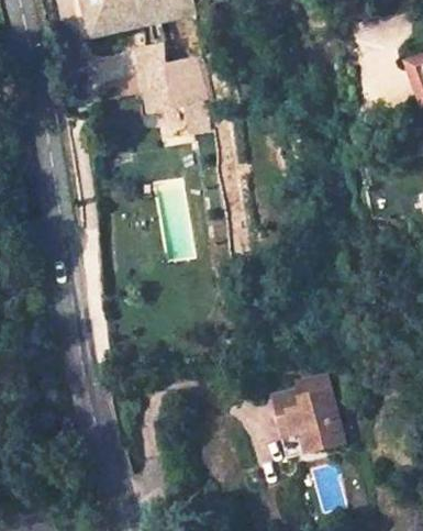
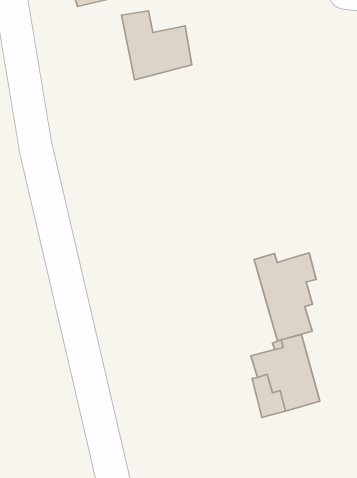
building: none -> [254,253,316,341]

